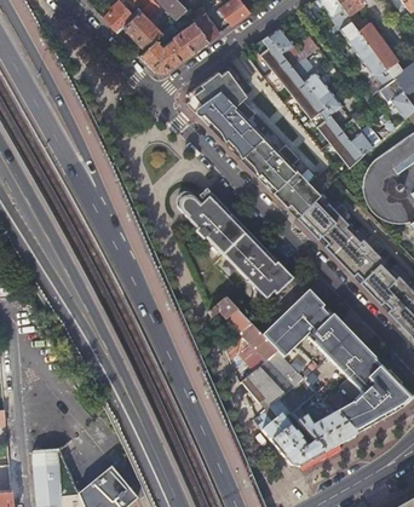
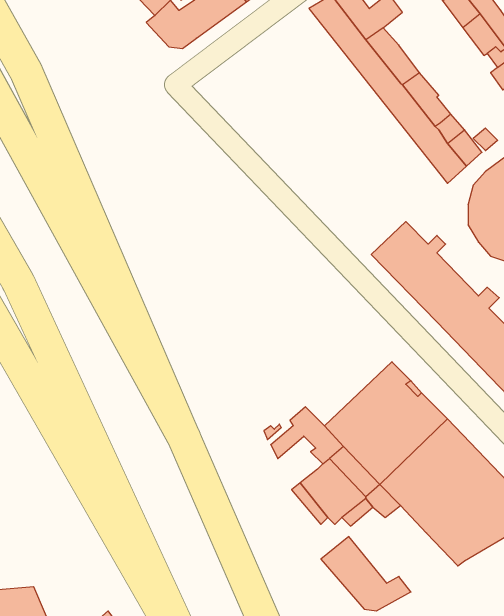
building: [186,69,328,217] -> none
building: [183,189,295,300] -> none
building: [209,296,251,333] -> none
building: [292,404,357,453] -> none

